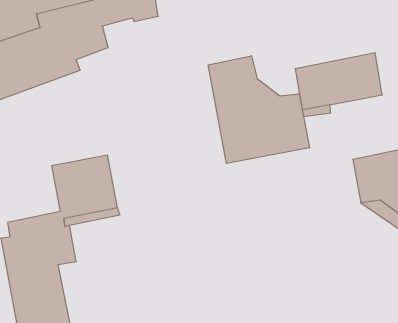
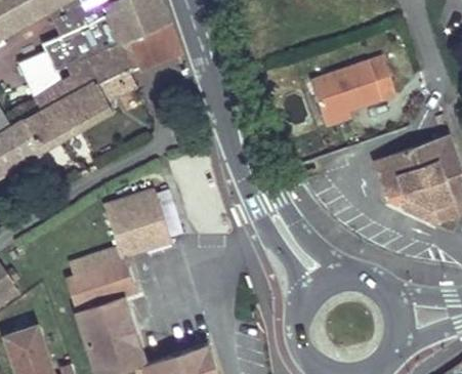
building: [208,56,309,164] -> none

